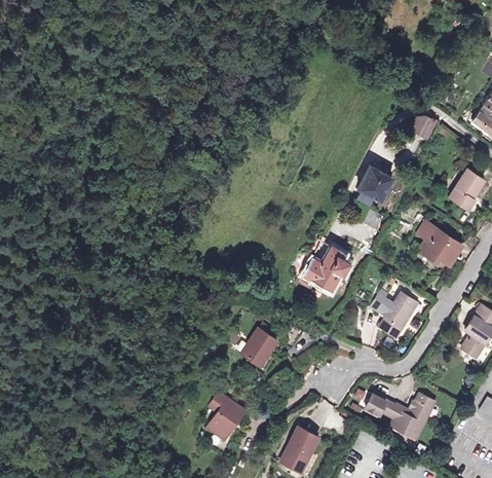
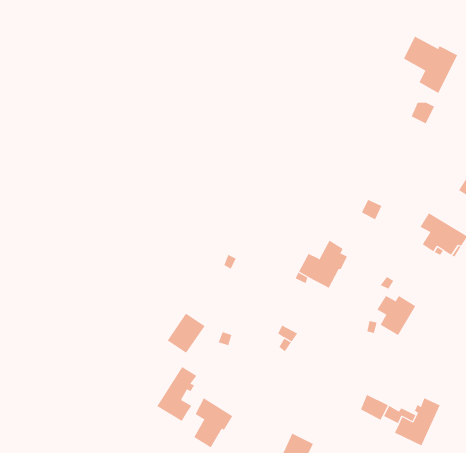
building: none -> [403,36,458,94]
building: [354,167,390,203] -> none
building: [241,330,277,368] -> [167,313,205,354]
building: none -> [157,366,197,422]

